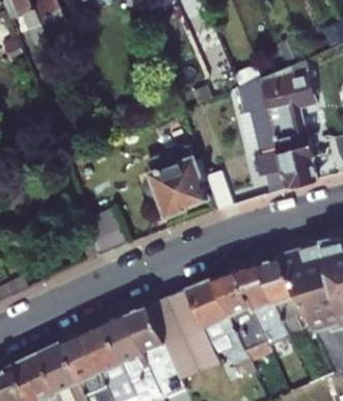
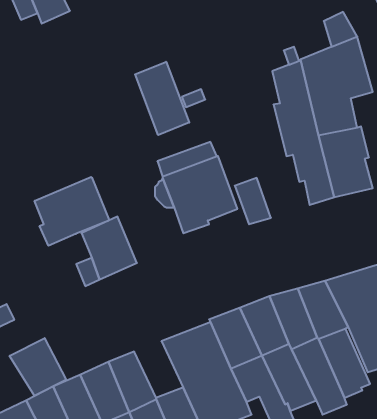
building: none -> [135,62,189,135]
building: none -> [35,177,109,246]
building: none -> [10,338,66,396]
building: [127,305,166,351] -> none

